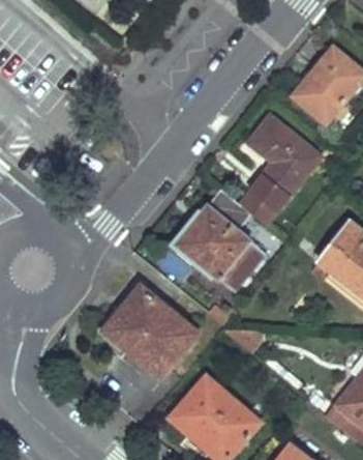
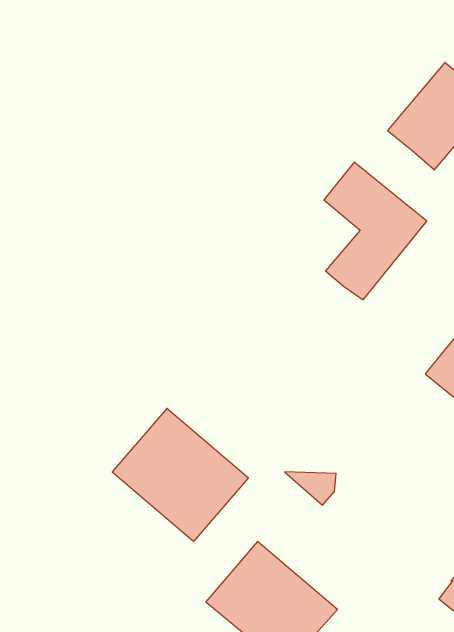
building: [176,190,267,292] -> none

